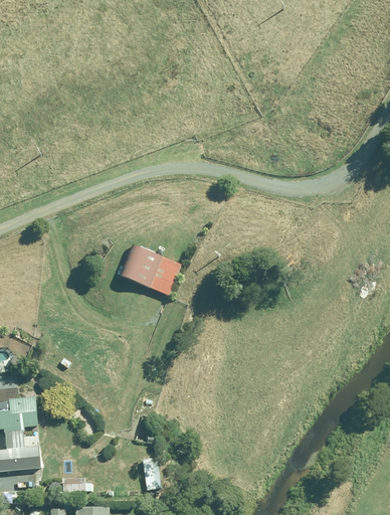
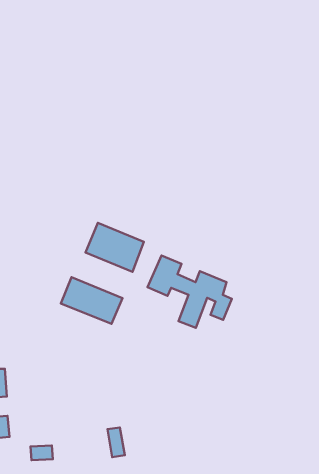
building: none -> [148,255,232,328]
building: none -> [61,277,123,324]

